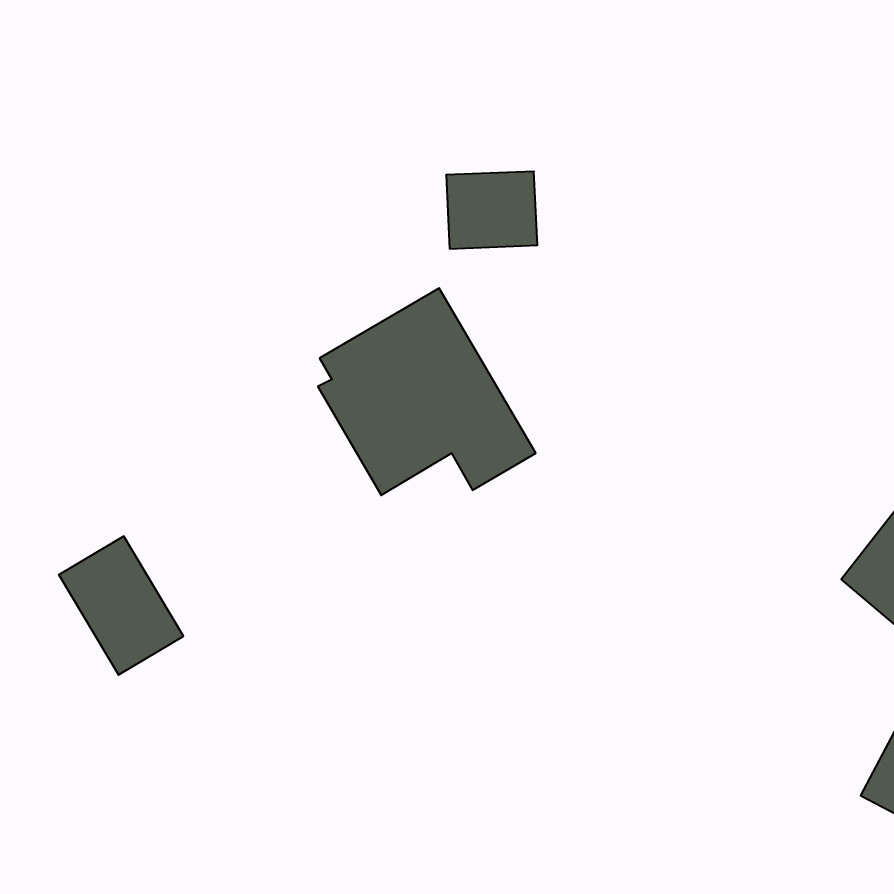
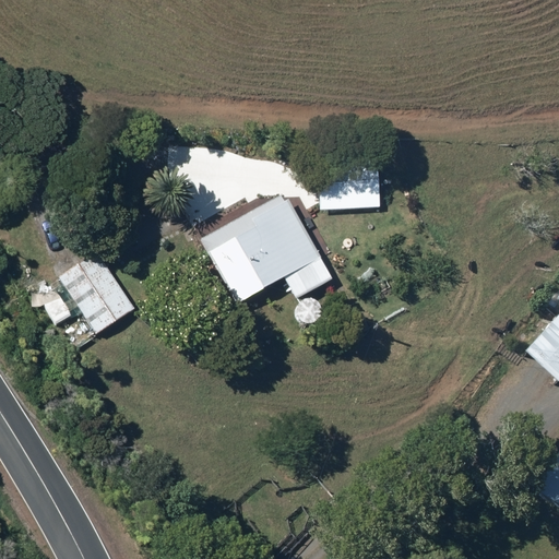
building: [446,171,537,249] -> [321,160,378,209]
building: [59,536,183,675] -> [60,252,138,338]

